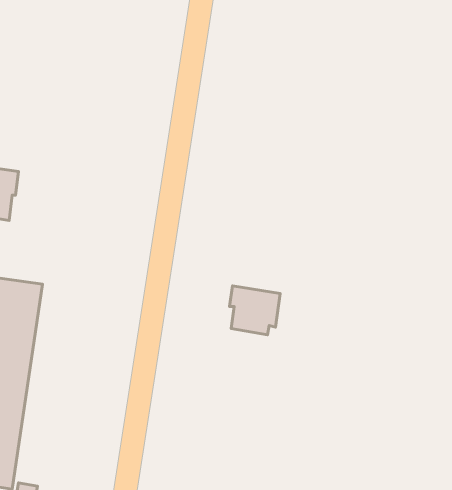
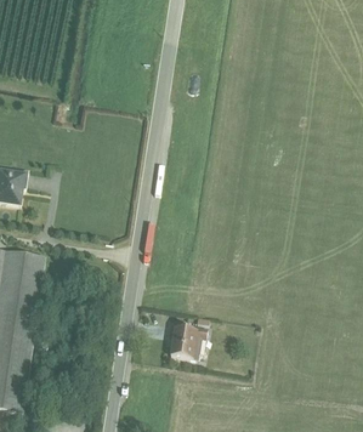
building: [229,286,280,335] -> [168,323,206,360]

